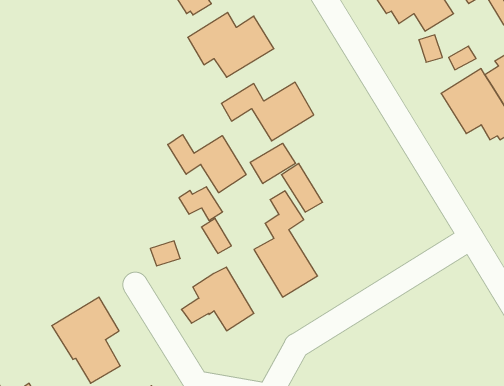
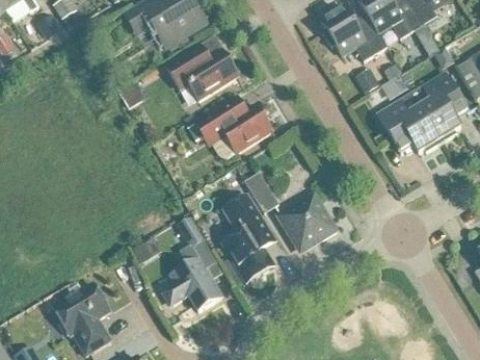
building: [168,135,246,193] -> none
building: [250,143,296,184] -> none
building: [179,187,223,220] -> [180,240,216,268]
building: none -> [282,198,337,249]

